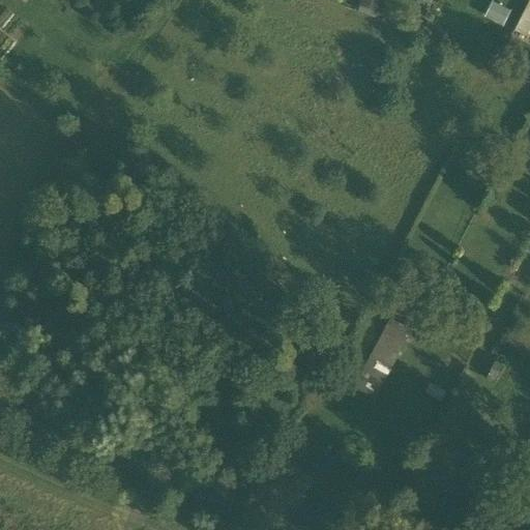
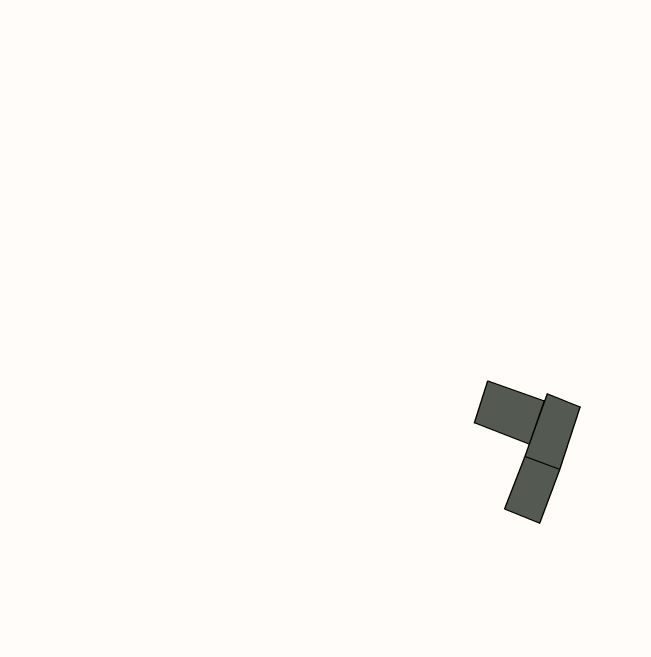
building: none -> [474,381,544,444]

